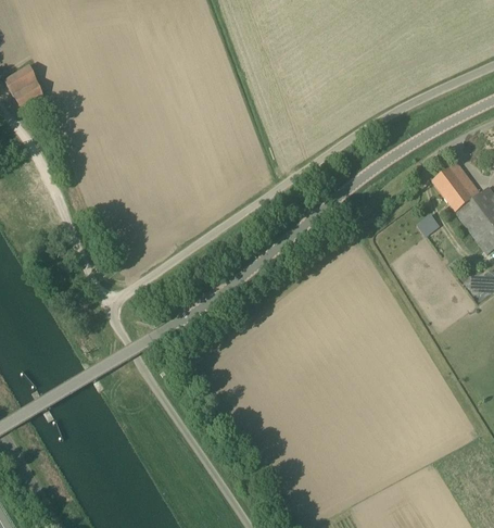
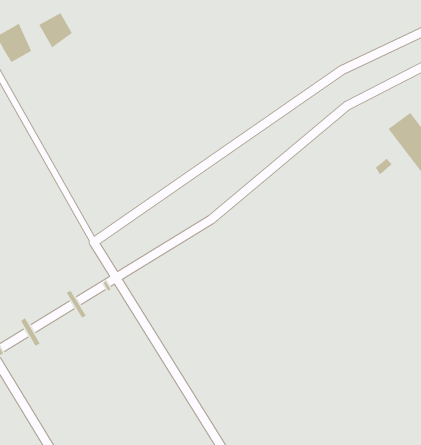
building: none -> [38,12,73,49]

